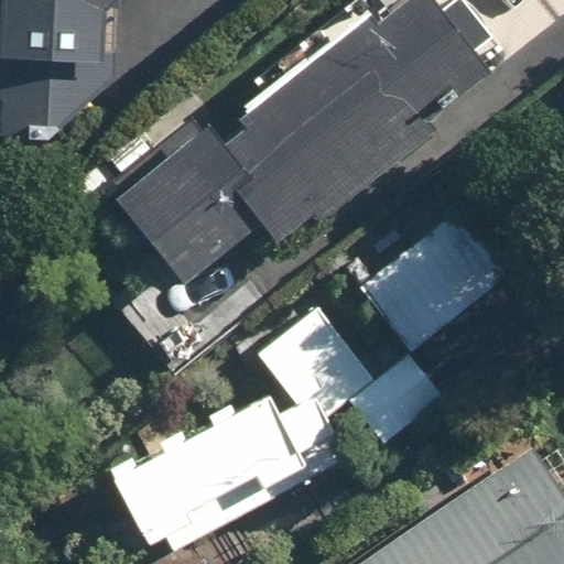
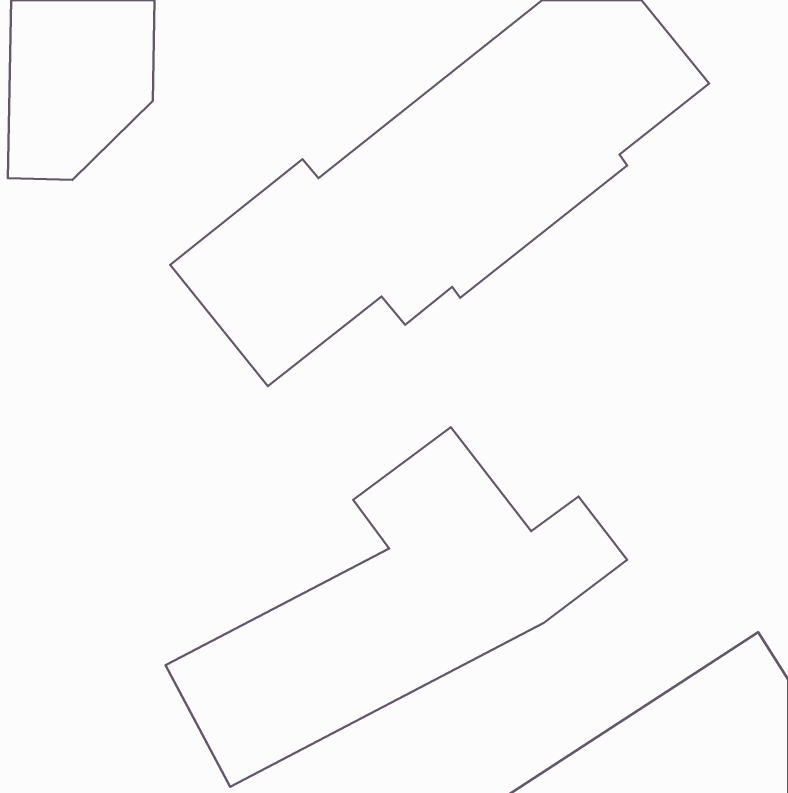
building: [356,209,507,354] -> none

